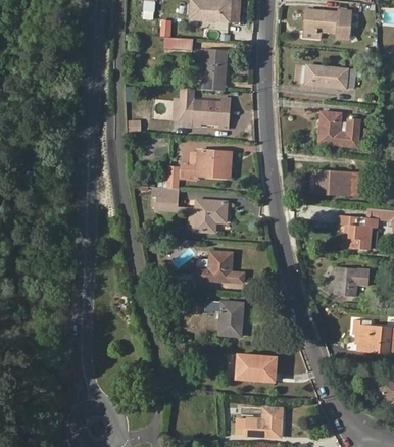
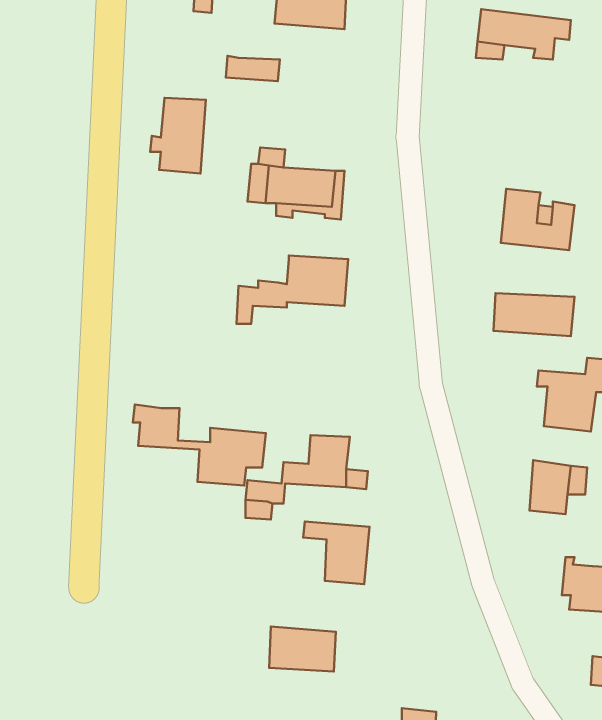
building: [197,49,229,92] -> [150,98,206,173]
building: [306,66,355,89] -> none
building: [152,187,228,233] -> [133,405,266,485]
building: [237,355,275,381] -> [269,627,336,671]

